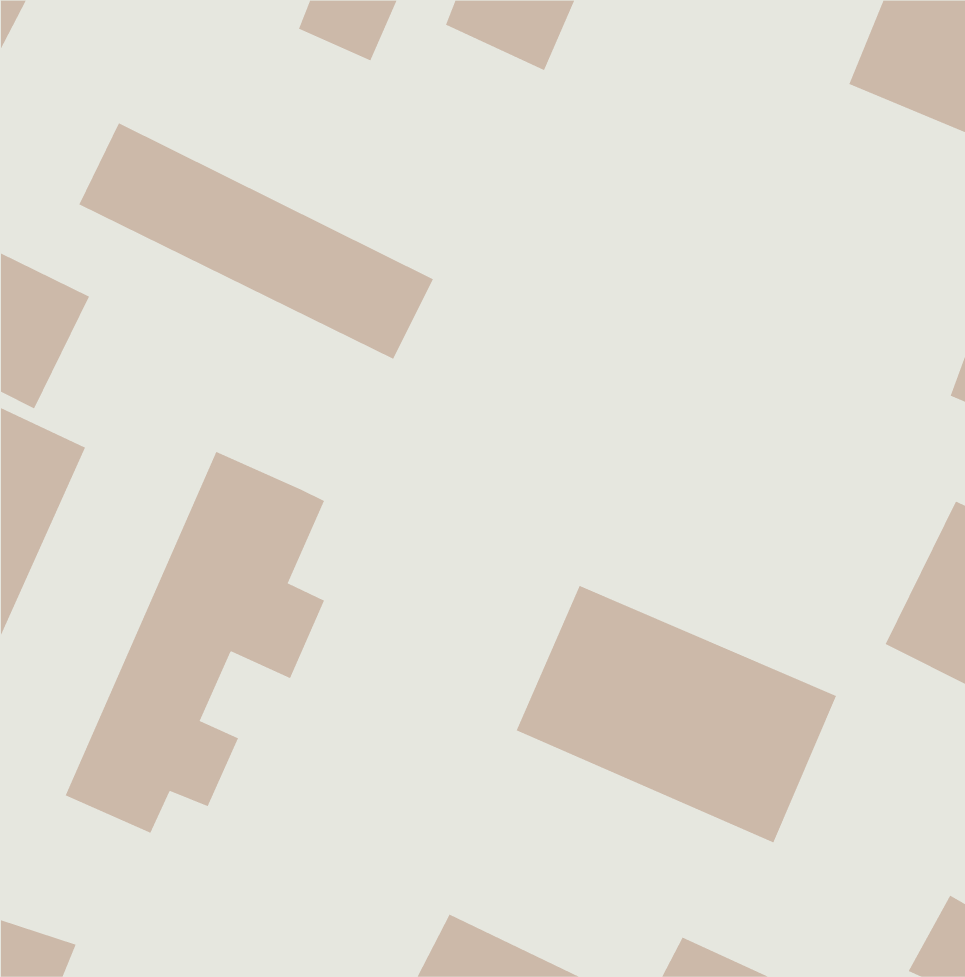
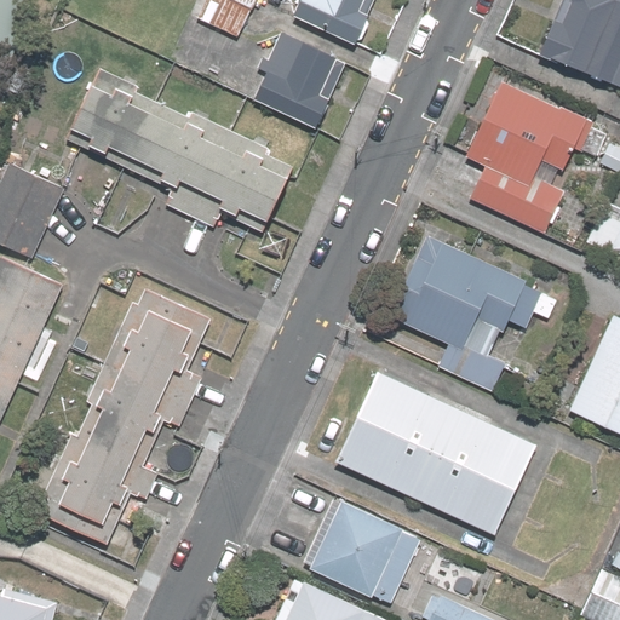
building: none -> [248,28,346,128]
building: none -> [460,78,591,237]
building: none -> [385,236,564,396]
building: none -> [298,495,419,602]

